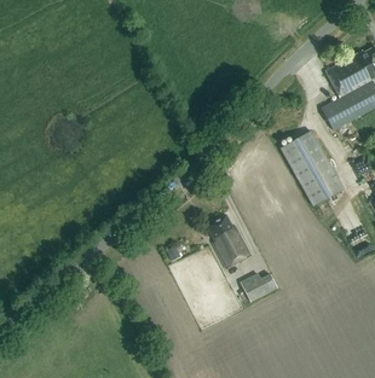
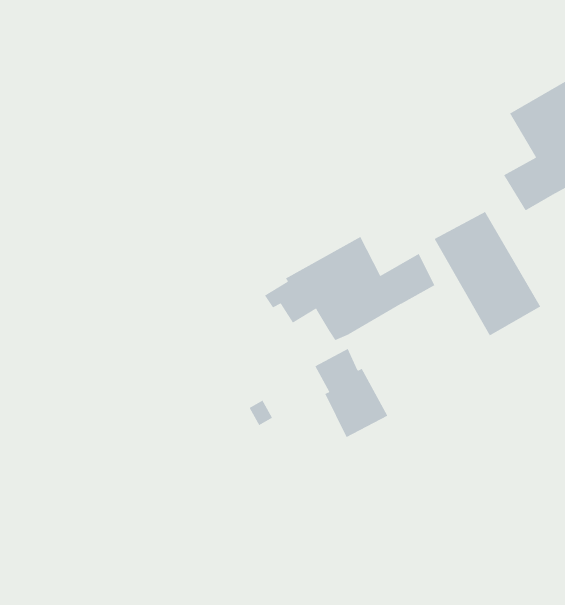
building: none -> [264,236,435,341]
building: [241,273,278,302] -> none

